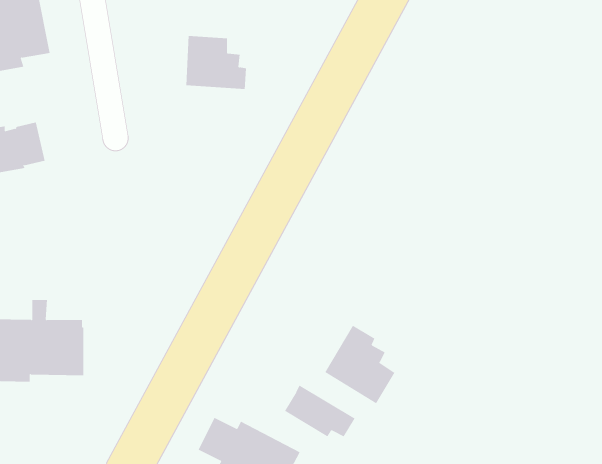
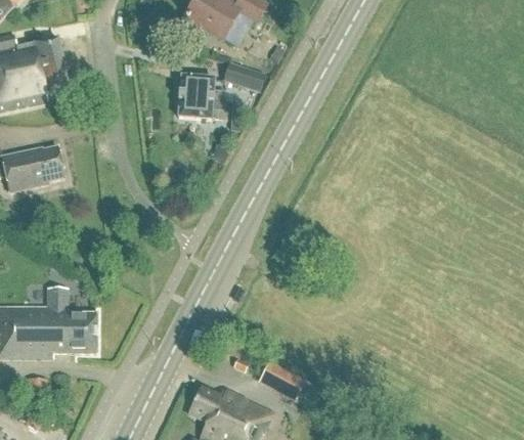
building: none -> [223,62,266,92]
building: [324,325,395,404] -> none

